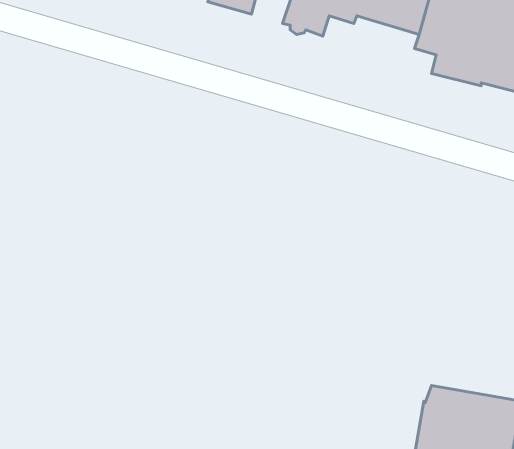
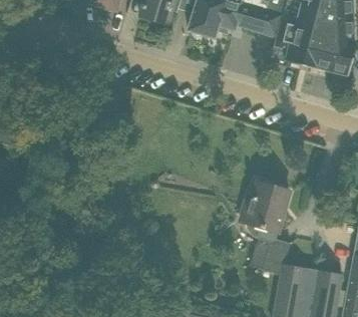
building: none -> [240,183,290,275]

